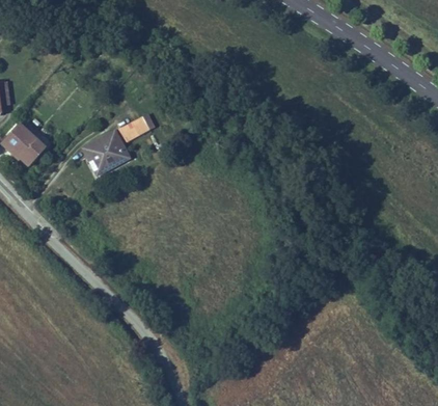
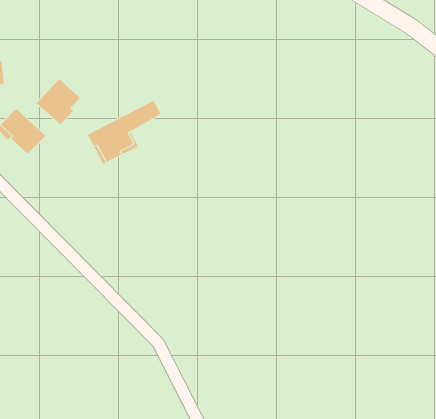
building: none -> [36,79,81,125]

